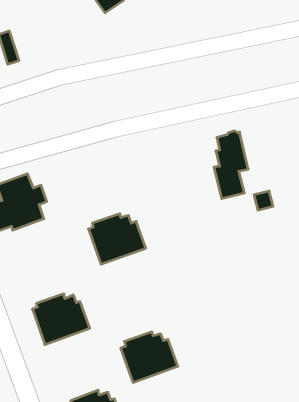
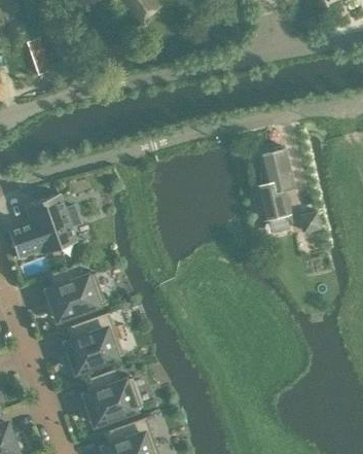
building: [88,214,146,264] -> [45,270,107,324]
building: [121,332,178,382] -> [82,375,144,429]

